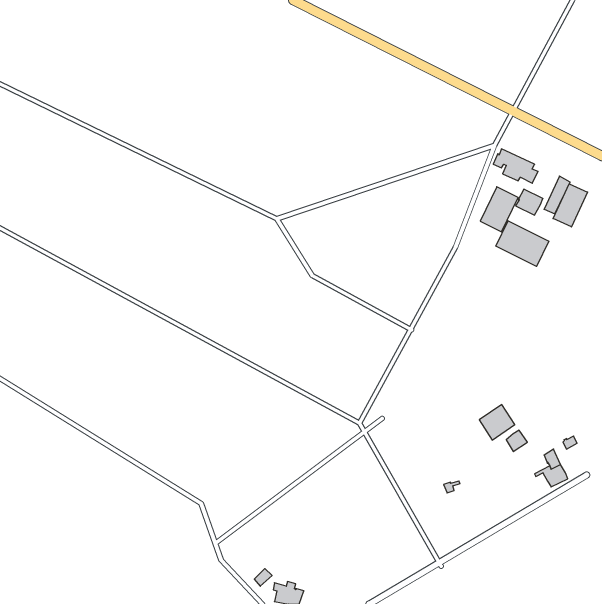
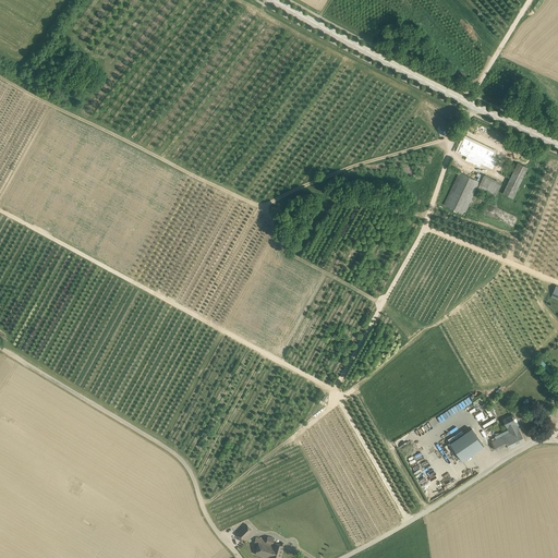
building: [553,184,588,227] -> none
building: [496,221,549,266] -> none
building: [479,405,515,440] -> [449,428,482,461]

